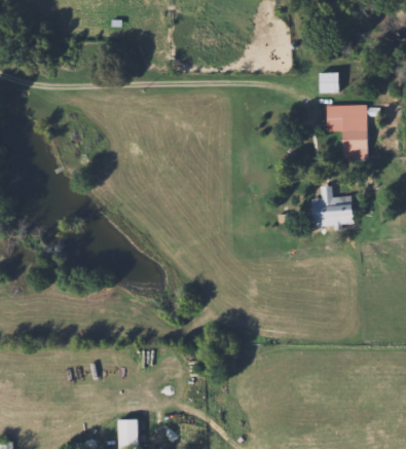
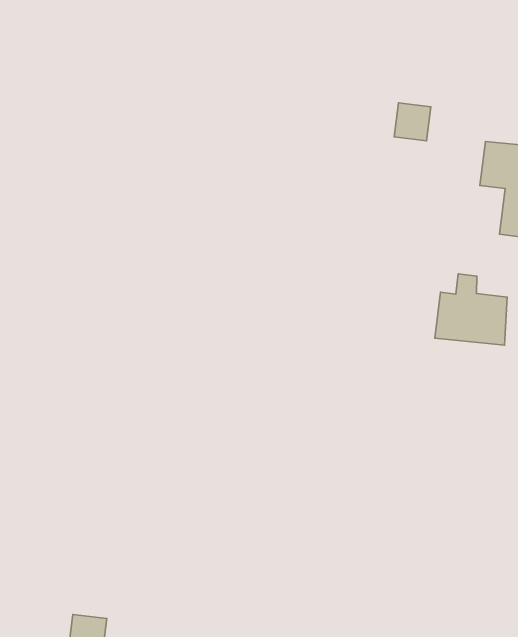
building: [319,72,338,92] -> [394,103,431,141]

